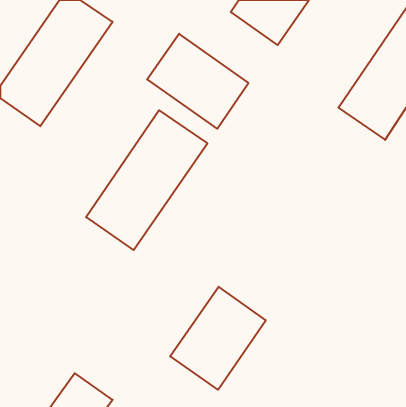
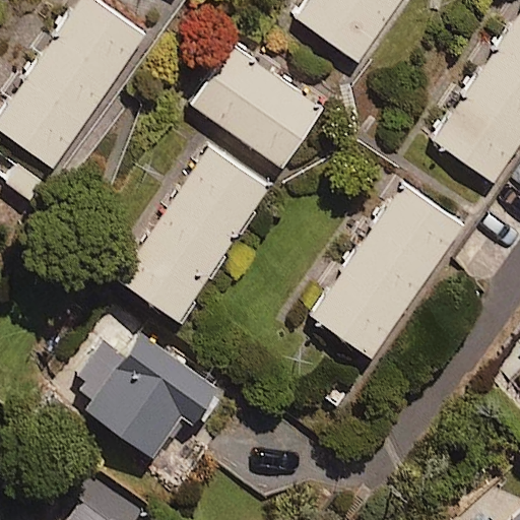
building: none -> [313,185,461,356]
building: none -> [64,333,217,457]
building: [170,287,266,390] -> none

